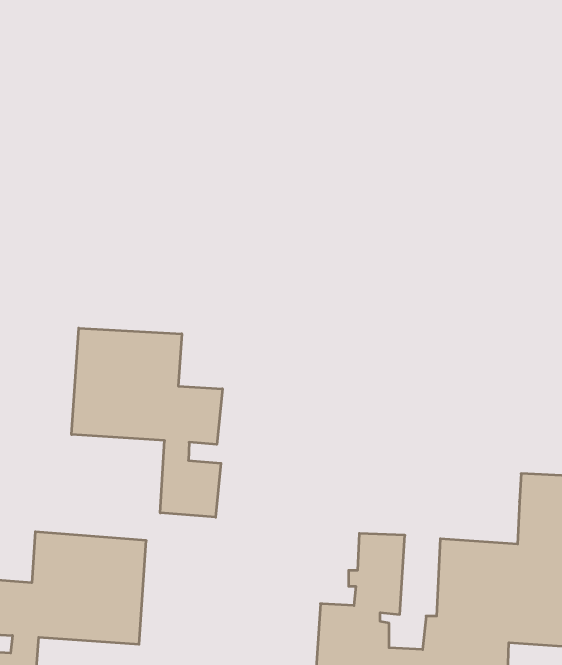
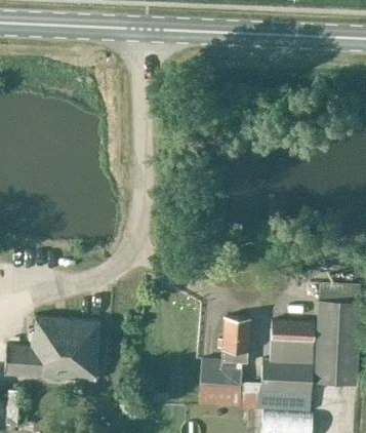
building: [72,328,222,517] -> none

